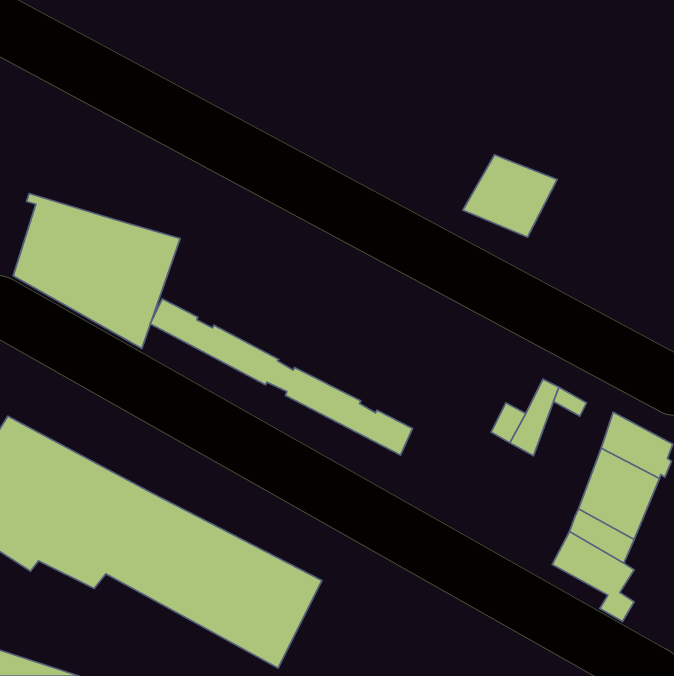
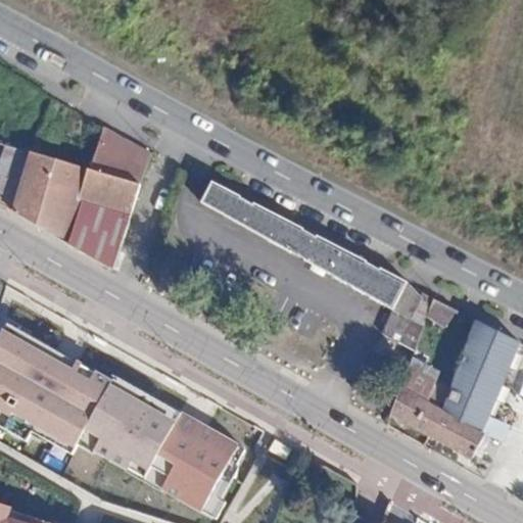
building: [463,155,557,237] -> none
building: none -> [87,128,149,184]
building: [150,299,413,455] -> [201,182,403,302]
building: none -> [388,362,443,435]

